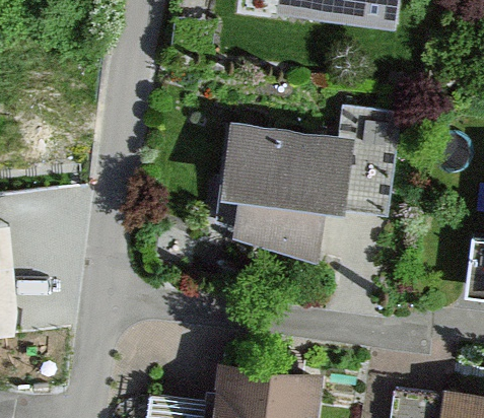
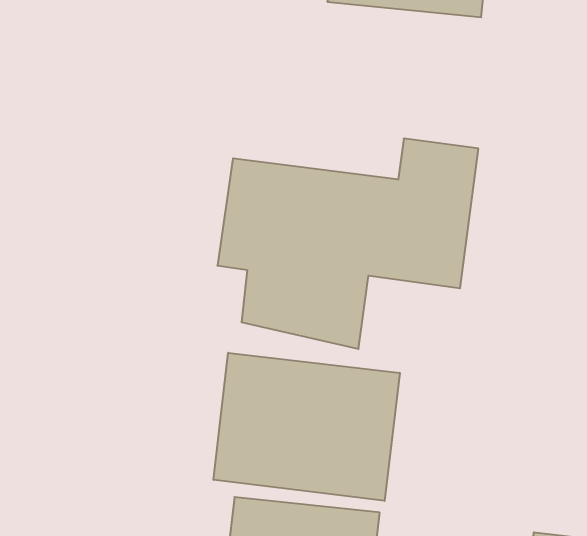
building: none -> [214,353,400,501]

